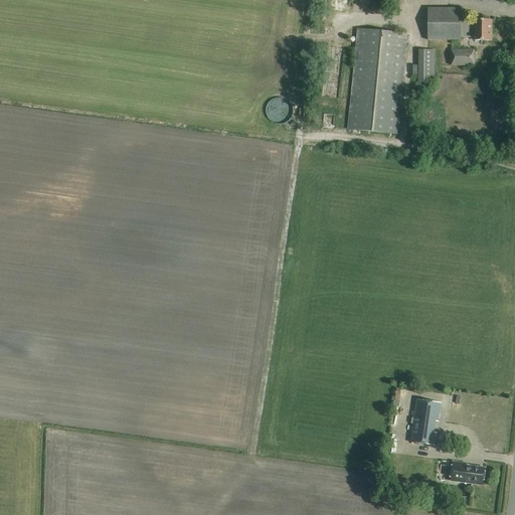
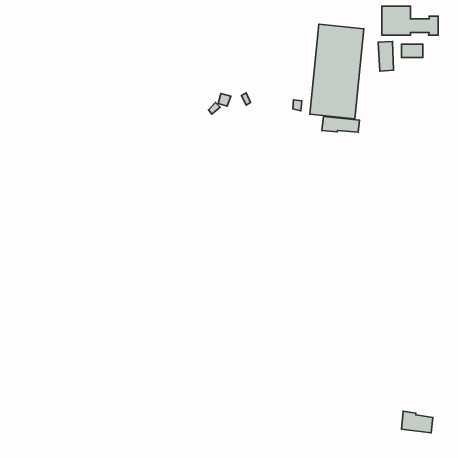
building: none -> [322,117,360,132]
building: [405,401,435,447] -> none

